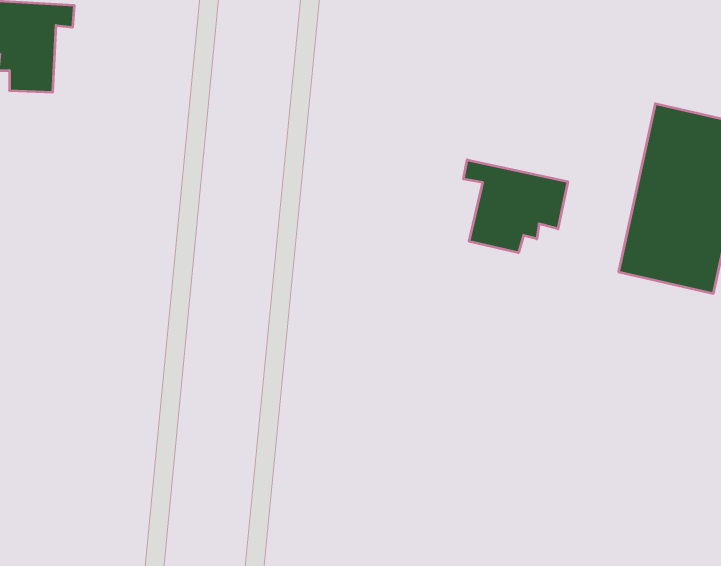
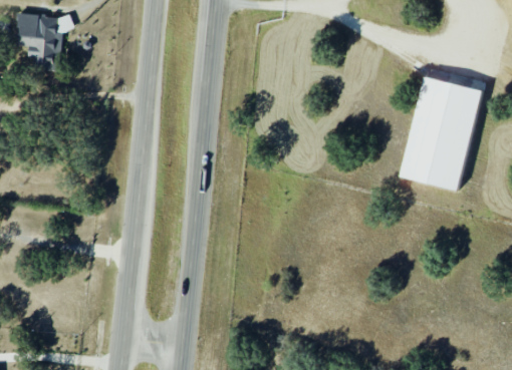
building: [464,160,568,253] -> none

